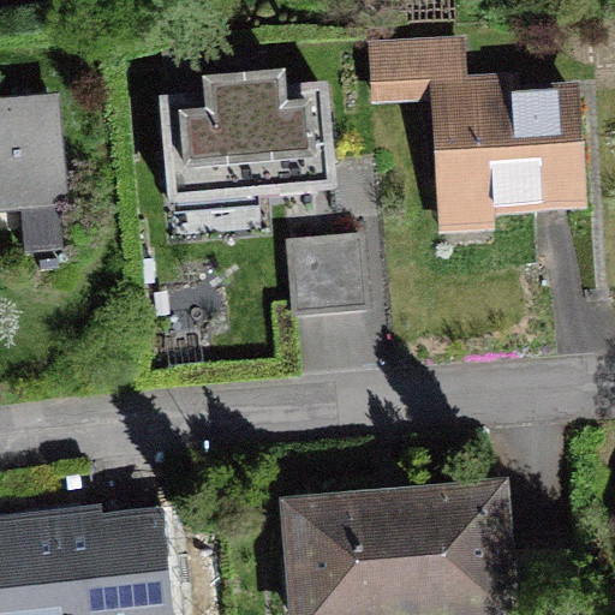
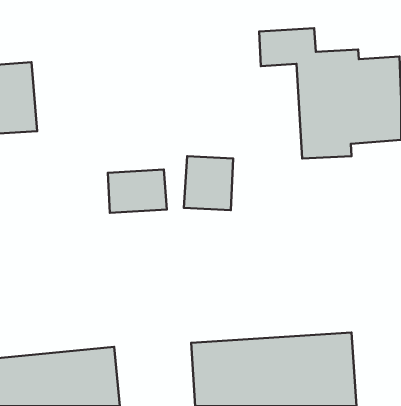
building: [143,78,317,191] -> none
building: none -> [108,170,167,213]

